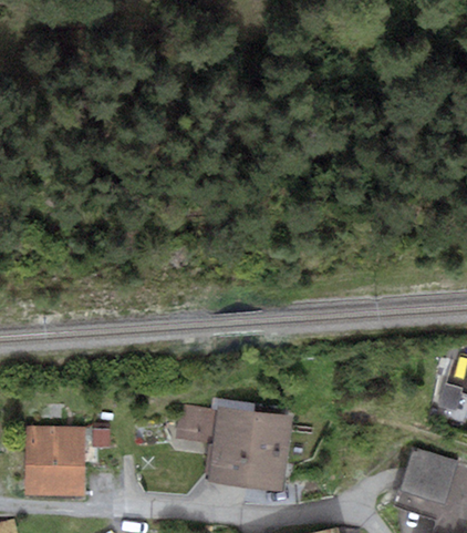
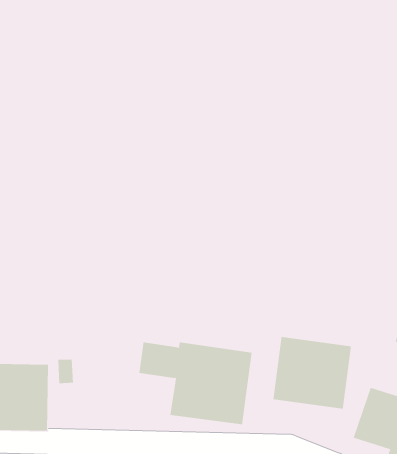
building: none -> [273,336,352,409]

